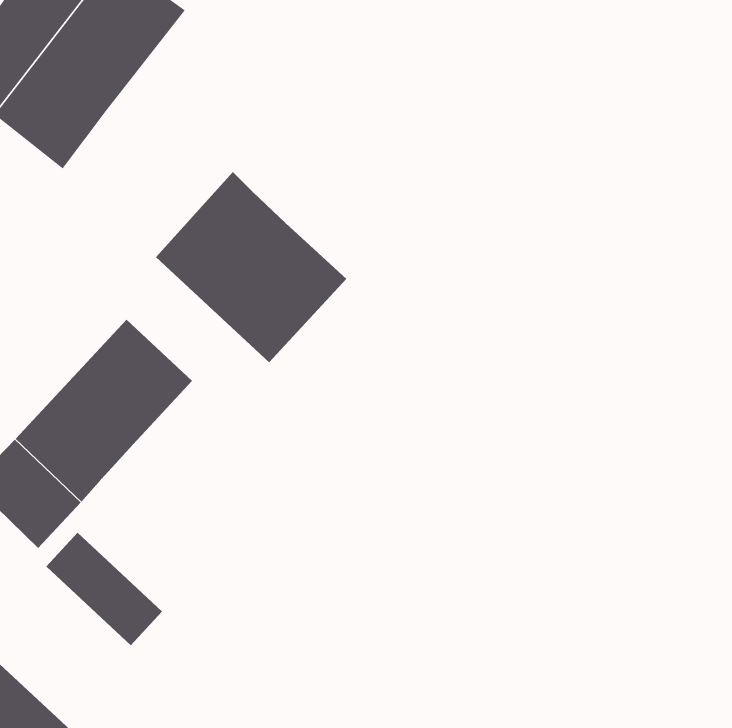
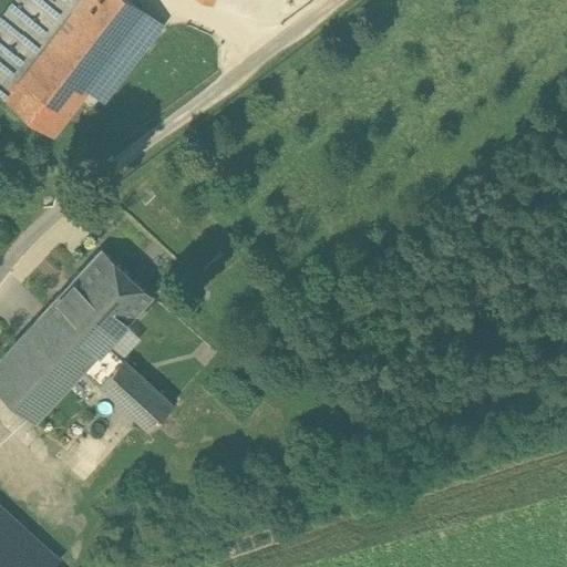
building: none -> [86,13,162,103]
building: [155,171,347,363] -> none
building: [46,532,163,646] -> [82,346,172,433]

